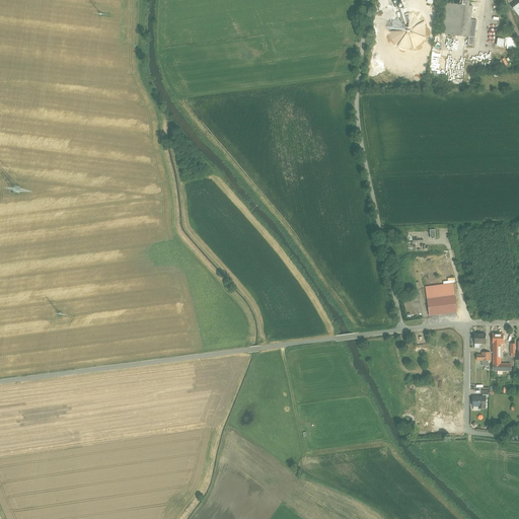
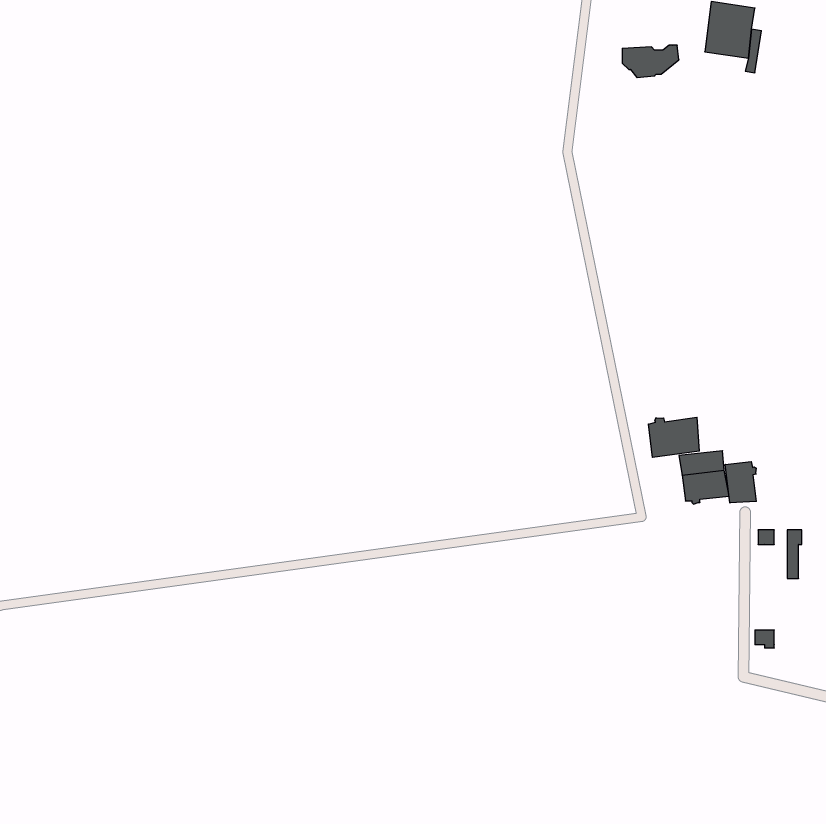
building: none -> [648,417,699,457]
building: none -> [725,462,756,503]

